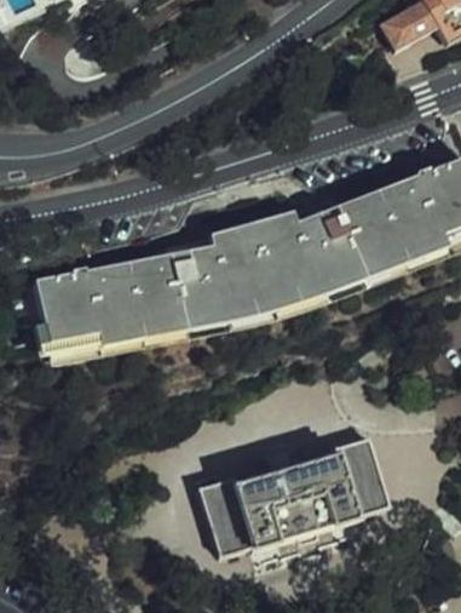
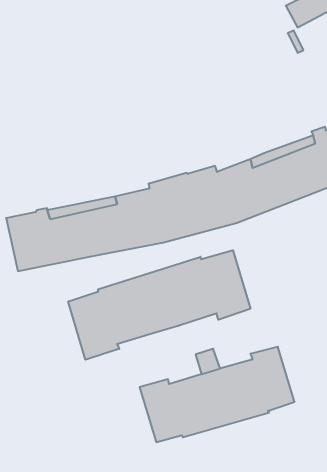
building: none -> [68,250,250,360]

